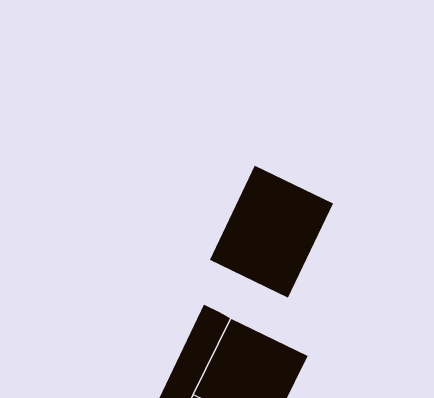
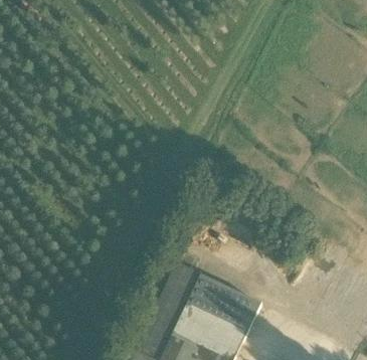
building: [209,165,334,299] -> none

